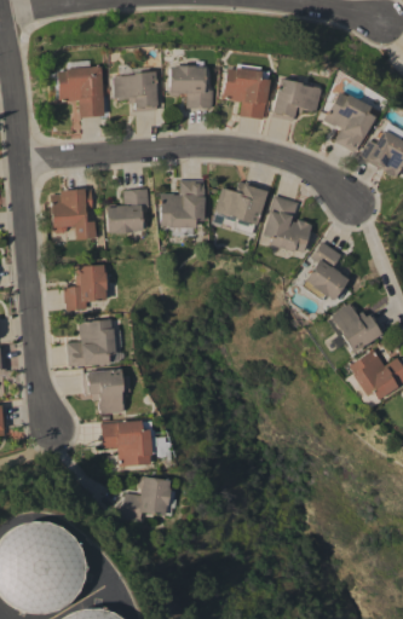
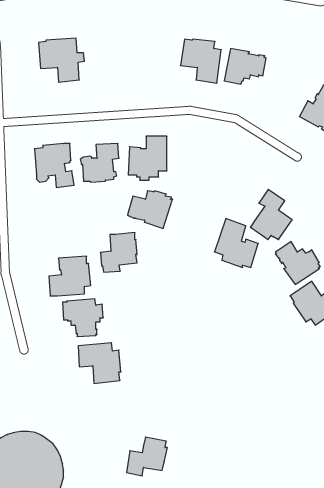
building: [113,64,157,111] -> none
building: [168,65,213,108] -> none
building: [323,92,375,151] -> none
building: [217,181,269,225] -> [128,191,173,228]
building: [263,195,313,251] -> [214,218,258,267]
building: [65,264,108,310] -> [100,233,137,272]
building: [123,476,171,521] -> [127,437,167,476]

